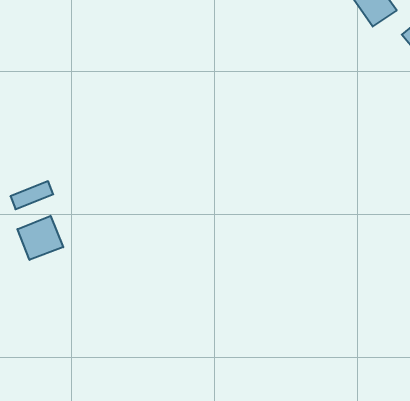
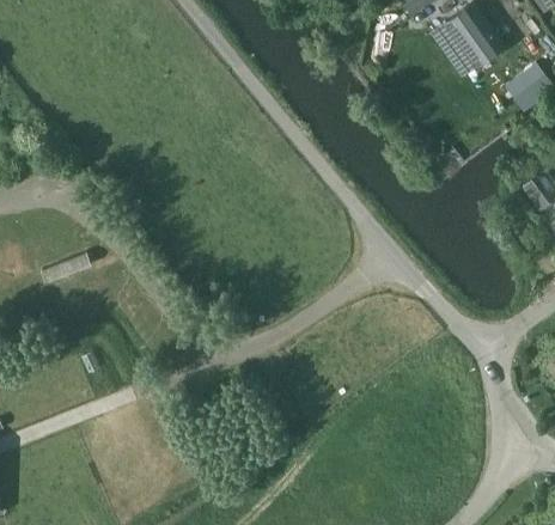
building: [17,216,63,260] -> none

